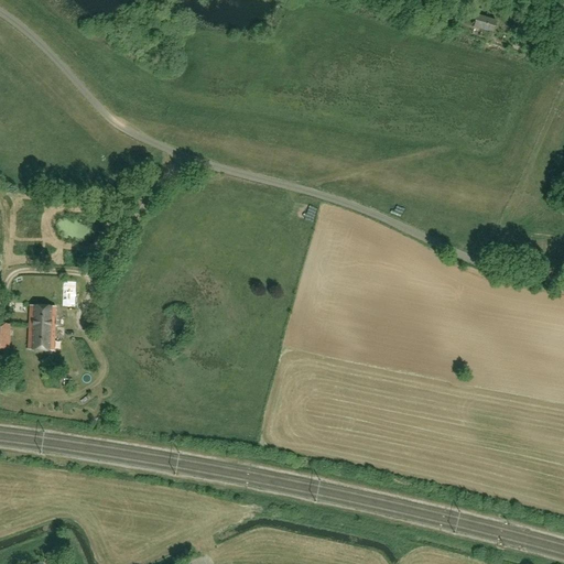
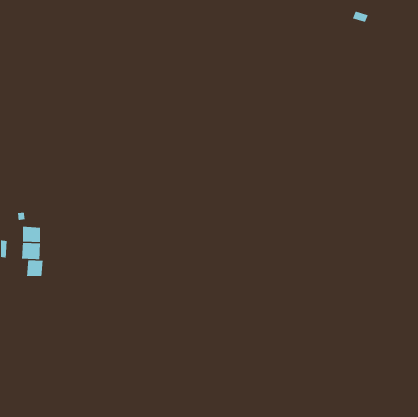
building: none -> [26,259,44,277]

